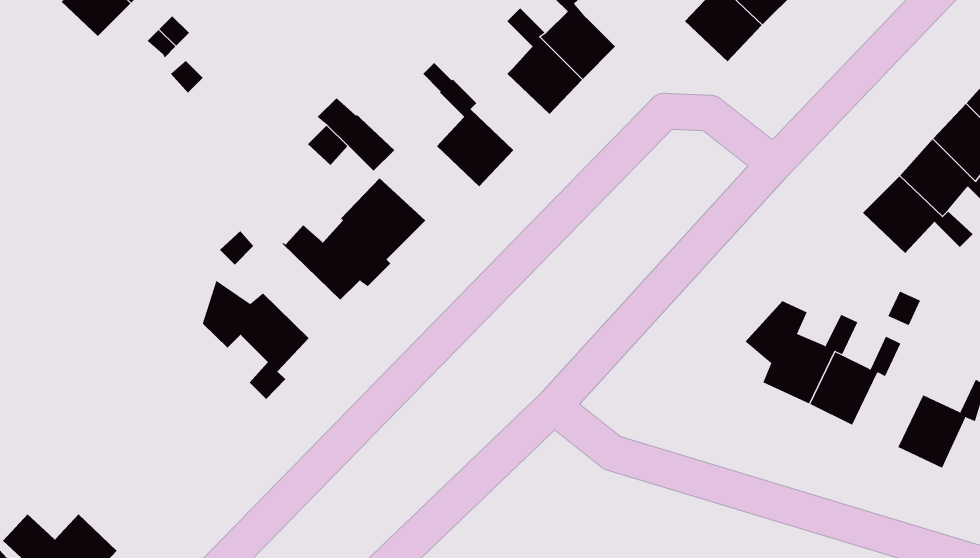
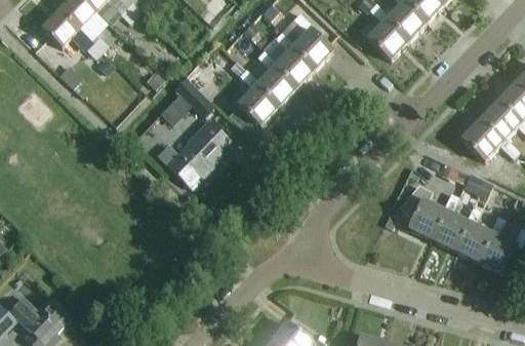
building: none -> [255,49,296,106]
building: [202,280,309,400] -> none
building: none -> [455,215,504,262]

